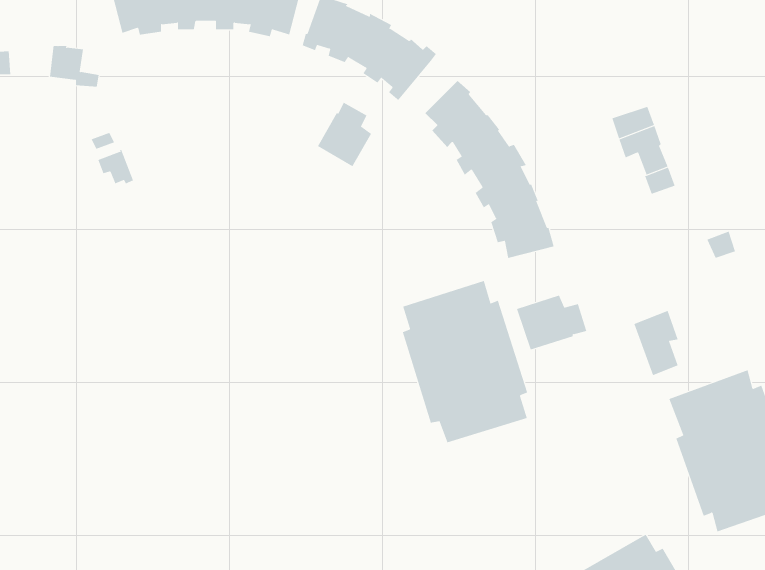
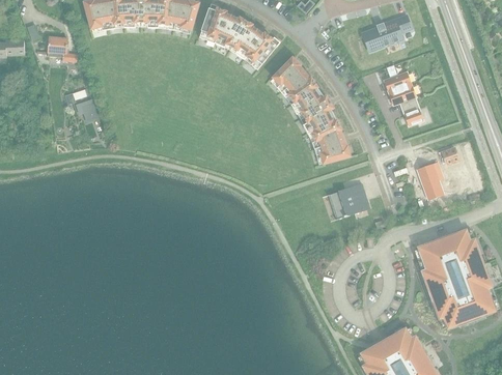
building: none -> [362,13,411,50]
building: [317,102,372,167] -> none
building: [402,280,528,443] -> none
building: [633,310,678,376] -> [416,160,443,199]

